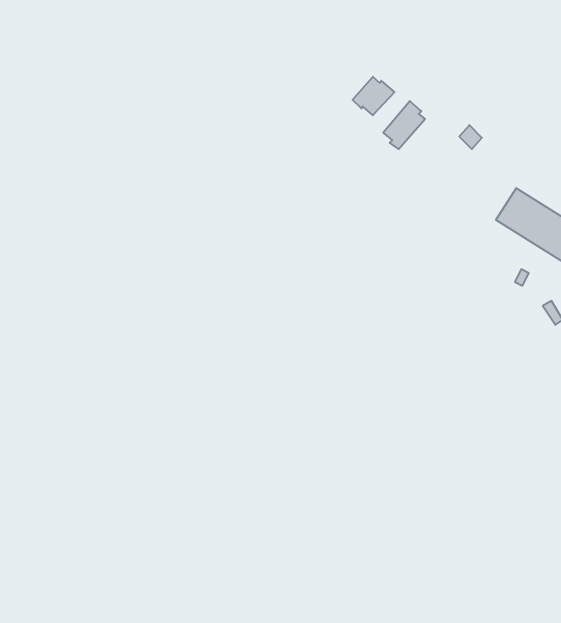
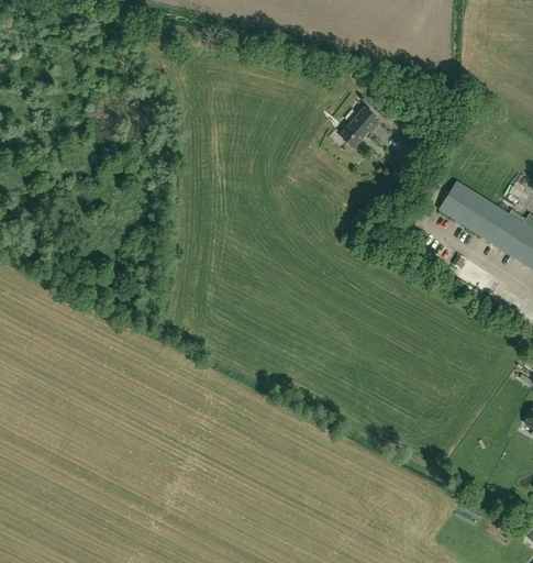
building: [353,77,394,115] -> none

